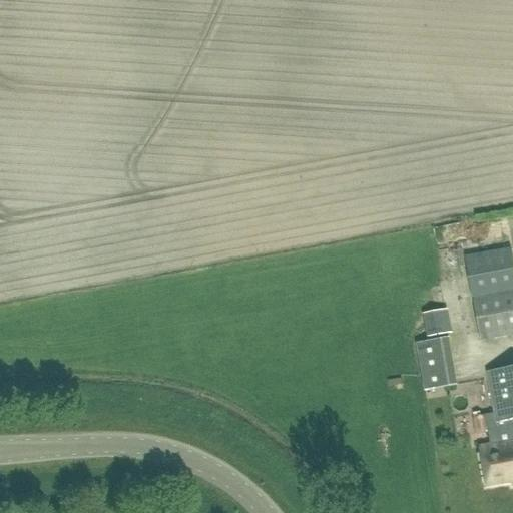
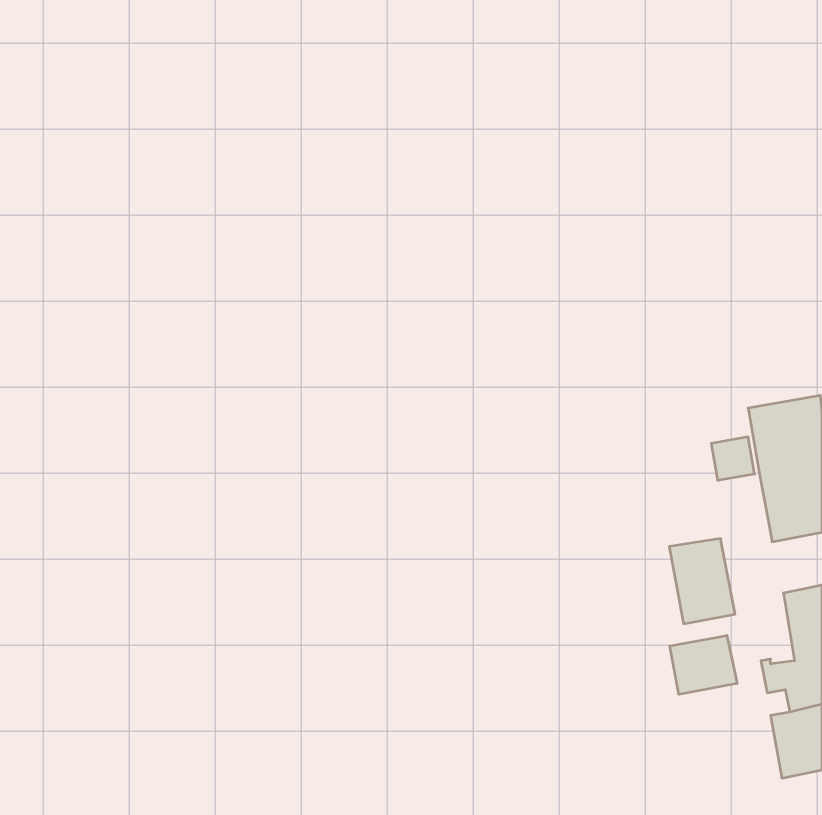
building: [424,309,451,336] -> [711,437,755,480]
building: none -> [670,635,737,694]

